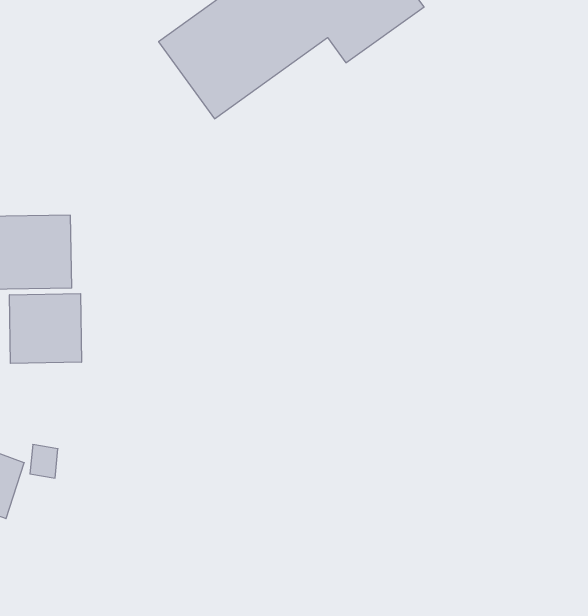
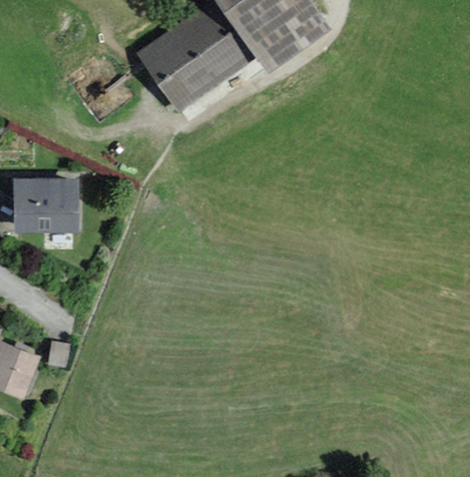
building: [10,294,81,363] -> none

